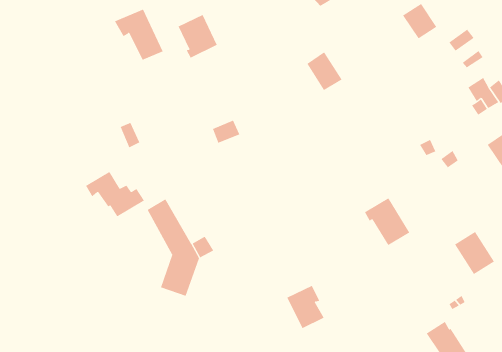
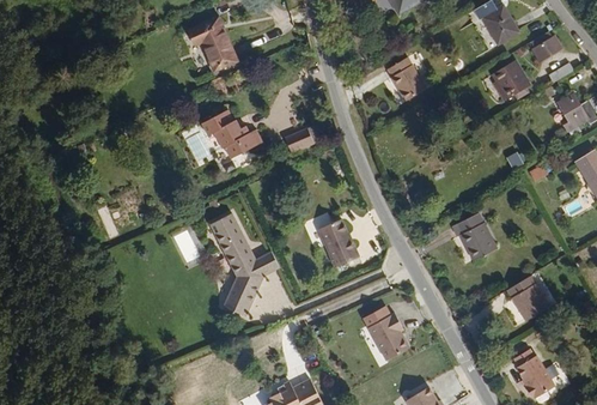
building: [178,14,218,59] -> none
building: none -> [494,61,531,99]
building: [85,171,145,217] -> [197,109,261,158]
building: none -> [324,222,365,270]
building: [454,231,495,275] -> [502,277,546,324]

